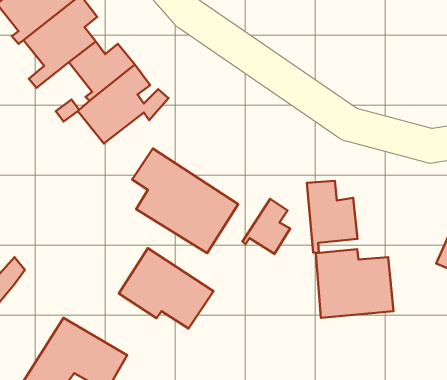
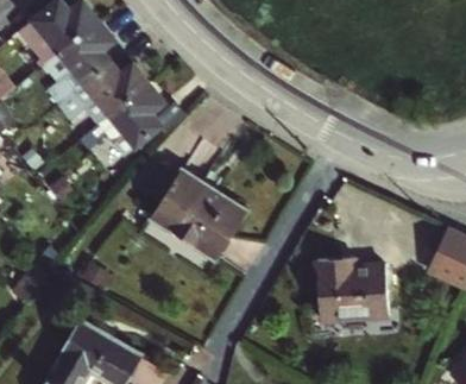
building: [307,181,358,253] -> none
building: [242,199,290,254] -> none
building: [119,248,213,329] -> none

